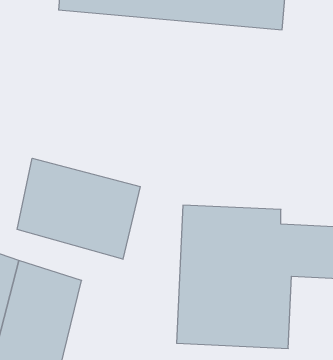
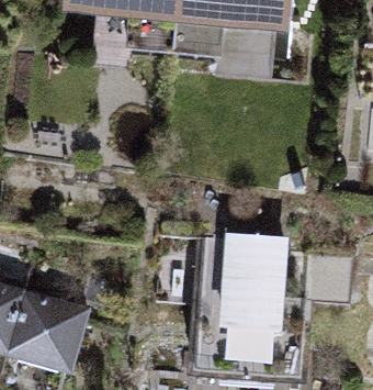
building: [17,158,140,259] -> none

